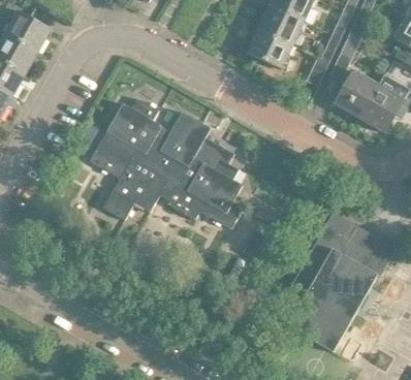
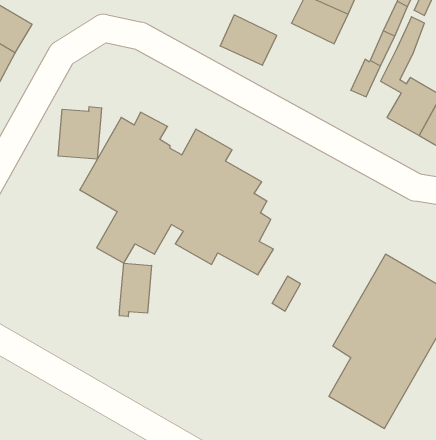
building: [247,28,292,68] -> [220,15,277,65]
building: none -> [58,107,101,159]
building: none -> [119,263,152,317]

